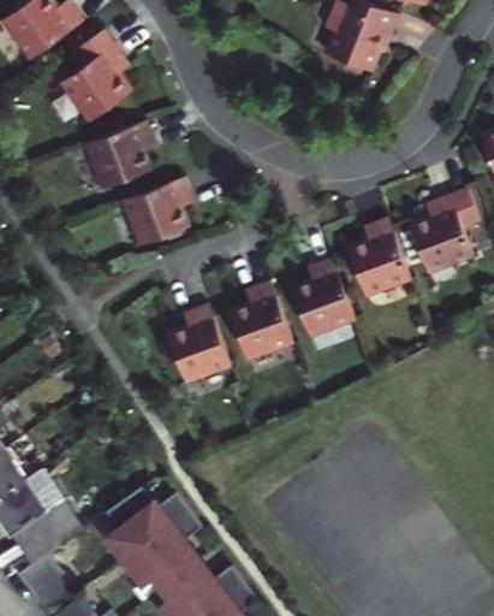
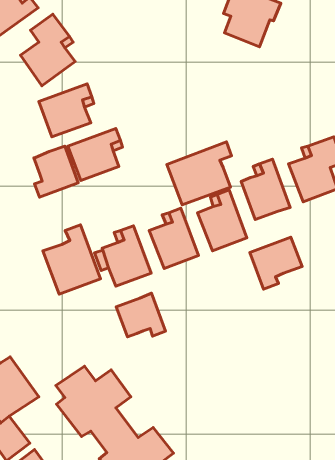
building: none -> [167,142,232,205]
building: none -> [34,146,78,197]
building: none -> [43,225,100,294]
building: none -> [250,237,302,289]
building: none -> [116,293,166,337]

